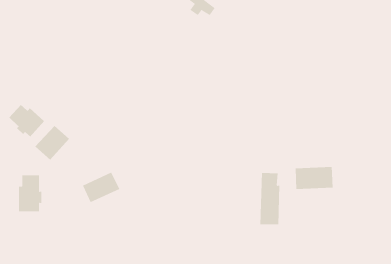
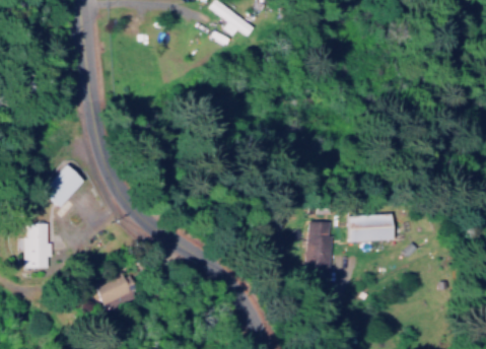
building: [8,104,45,137] -> none
building: [82,172,120,203] -> [92,275,137,311]

